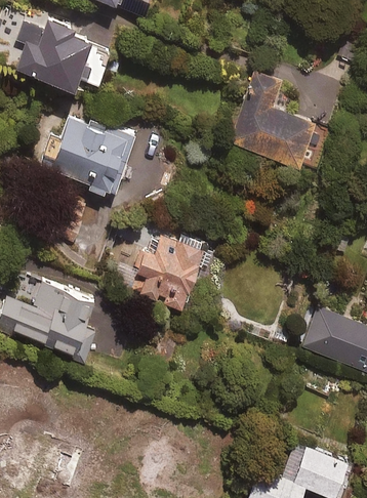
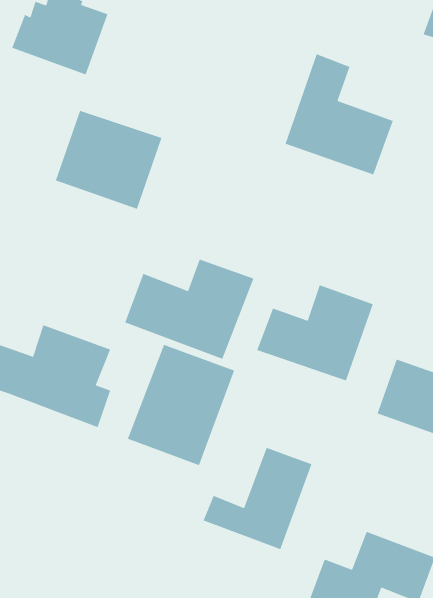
building: none -> [256,284,374,381]
building: none -> [127,344,235,466]
building: none -> [203,447,313,550]

